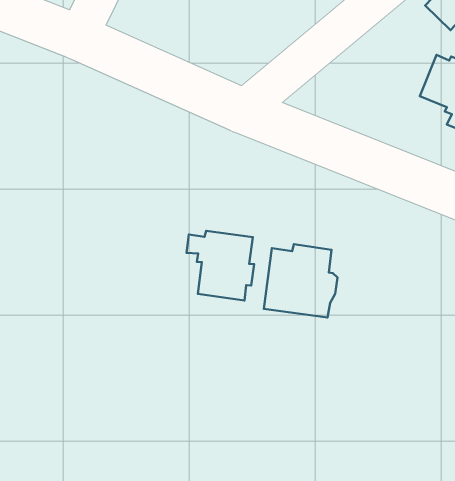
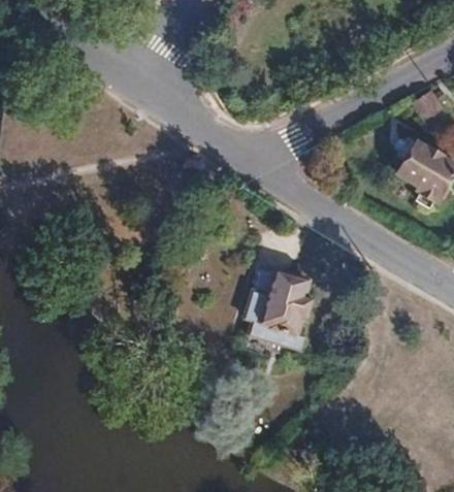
building: [186,231,254,300] -> none

